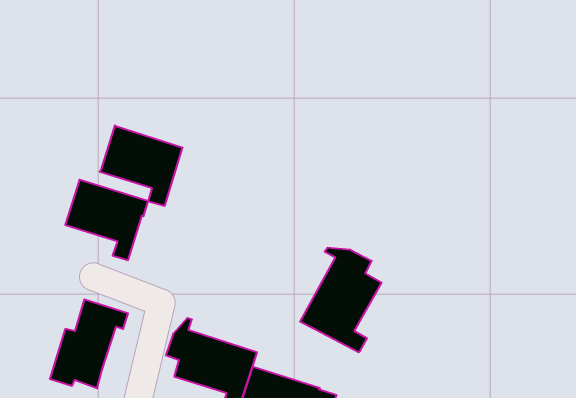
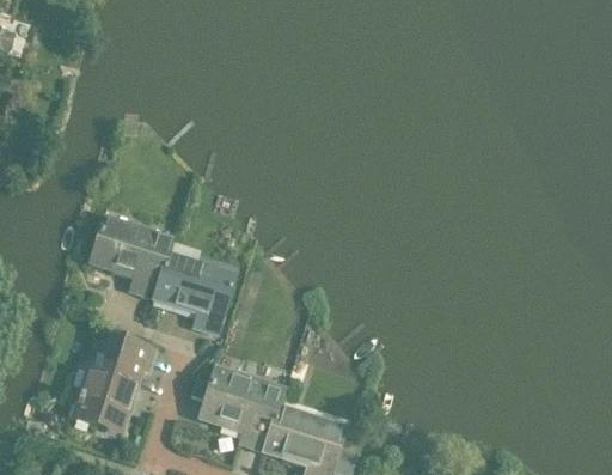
building: [100,125,183,206] -> [152,251,235,333]
building: [300,248,381,352] -> none

